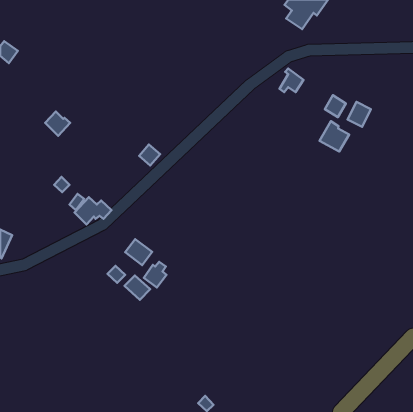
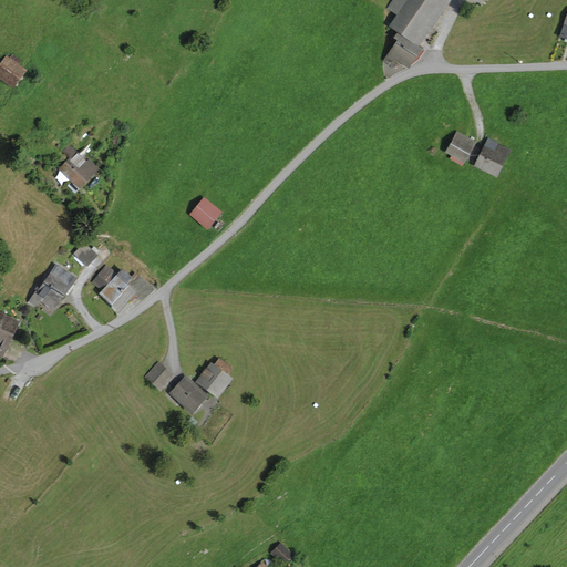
building: [279,69,304,92] -> [386,32,420,64]
building: [319,121,349,152] -> none
building: none -> [30,265,74,306]
building: [125,239,152,265] -> none

